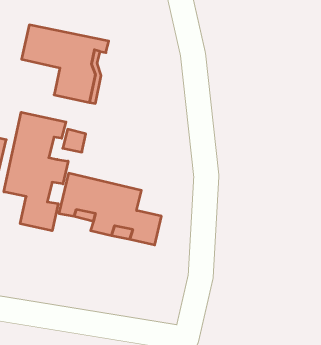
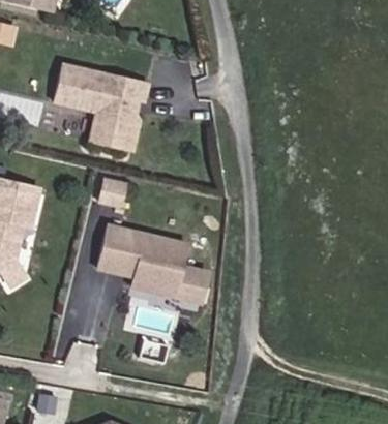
building: [4,112,68,231] -> none

